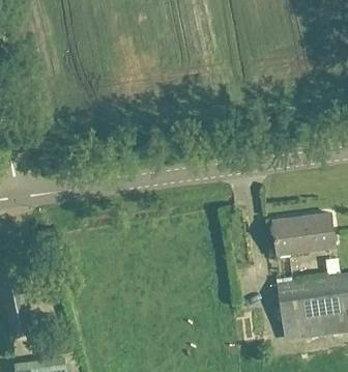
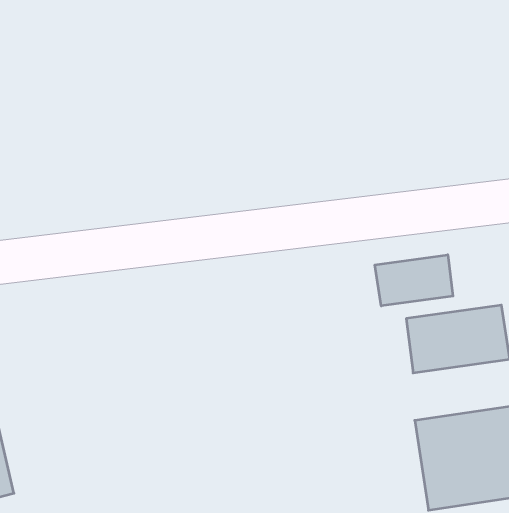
building: none -> [375,255,453,306]

